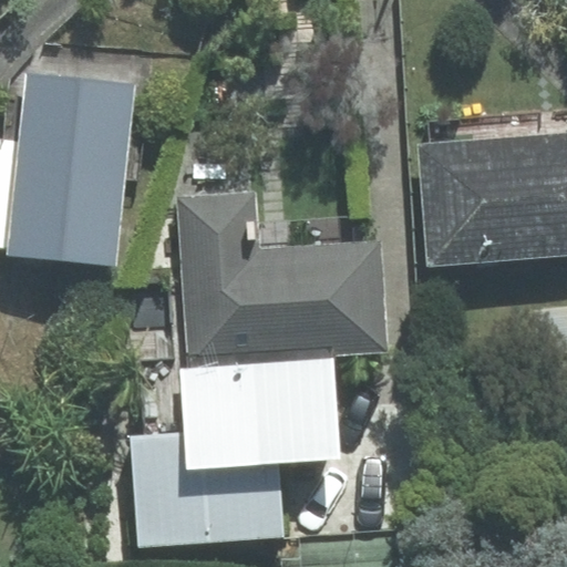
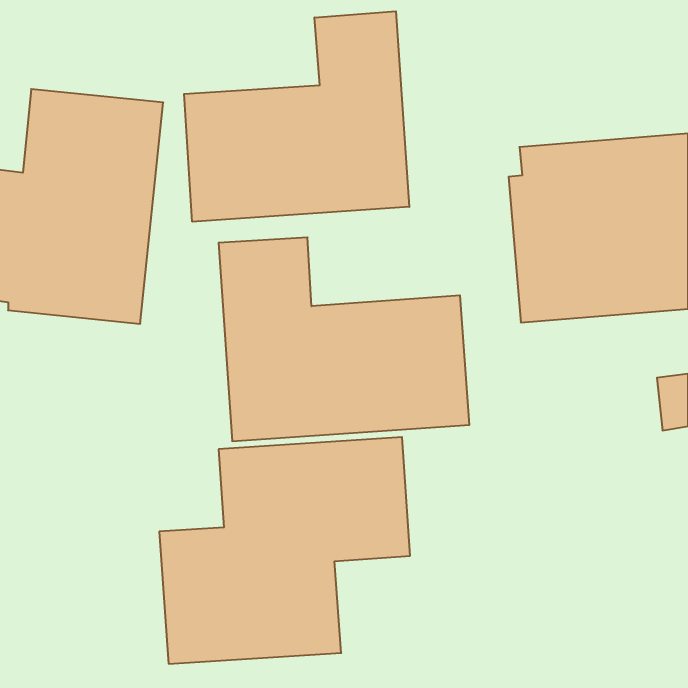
building: none -> [184,11,409,222]

